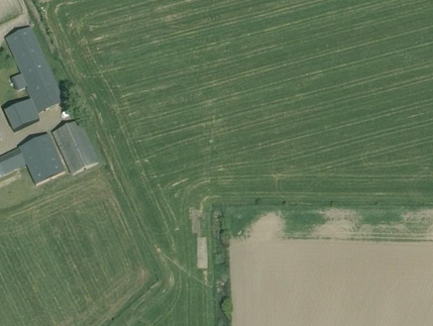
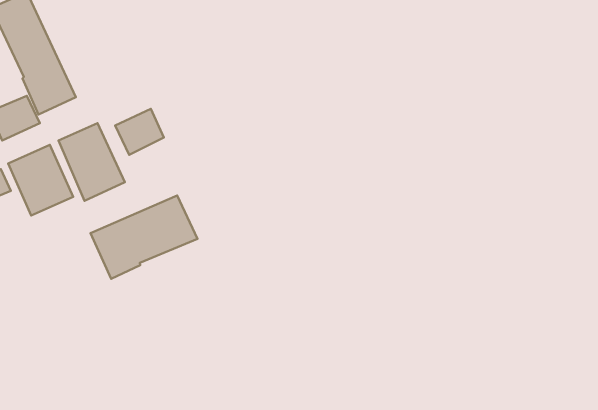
building: none -> [115,109,164,155]
building: none -> [90,195,198,279]

